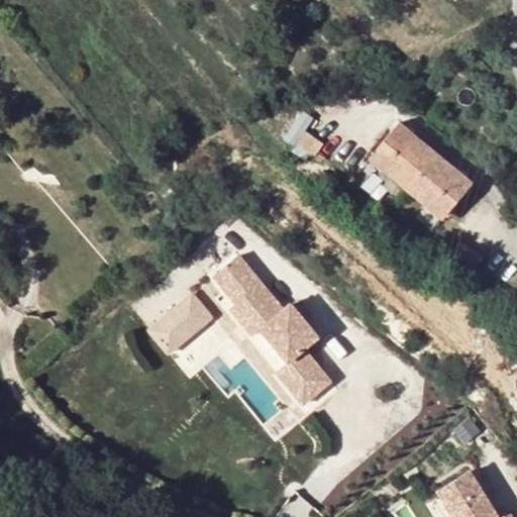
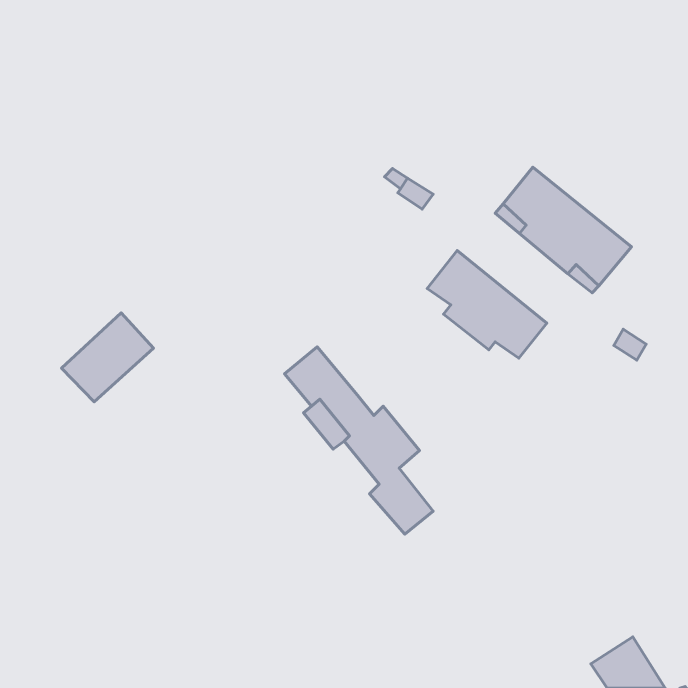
building: none -> [427,251,547,358]
building: [150,287,219,353] -> [62,313,153,402]

